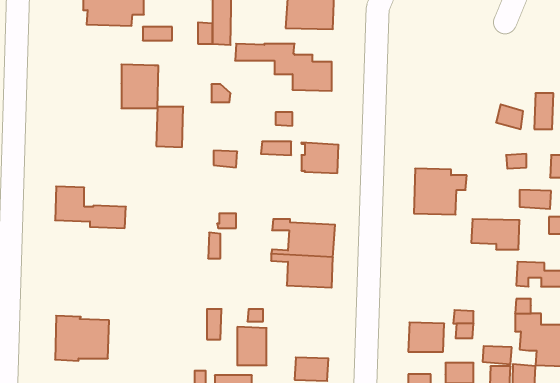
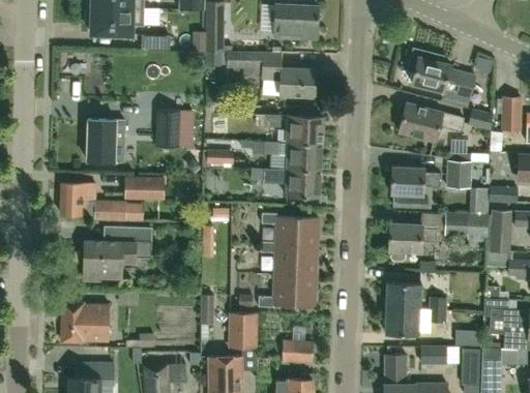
building: none -> [408,49,475,96]
building: [121,64,158,108] -> [89,120,123,160]
building: none -> [399,103,464,142]
building: none -> [288,115,323,145]
building: none -> [445,160,471,188]
building: none -> [262,168,321,199]
building: none -> [124,178,164,200]
building: none -> [487,210,511,253]
building: none -> [389,222,437,261]
building: none -> [84,226,151,278]
building: none -> [258,274,316,307]
building: none -> [387,283,421,309]

